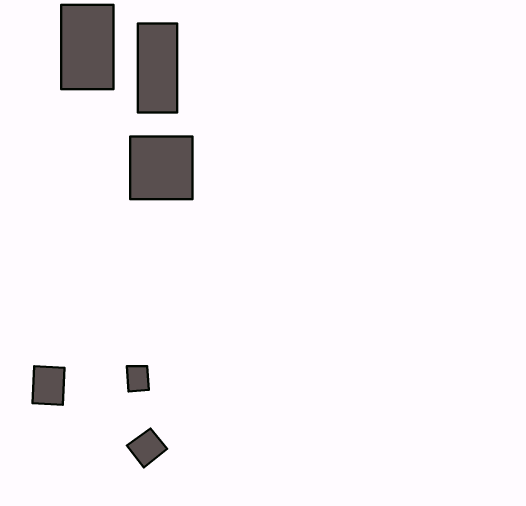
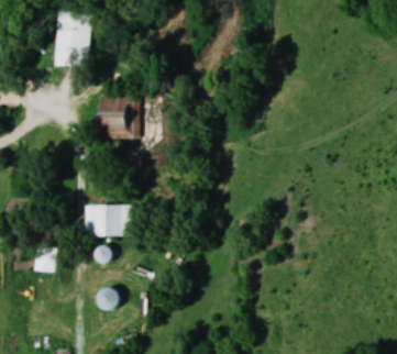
building: [138,24,177,112] -> none
building: none -> [82,204,131,235]

